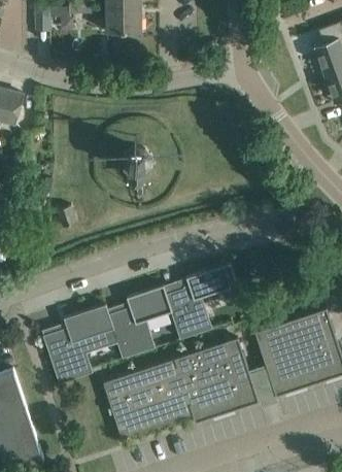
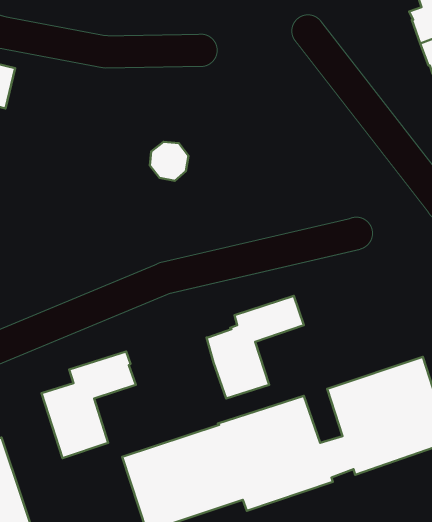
building: [107,284,170,359] -> none

